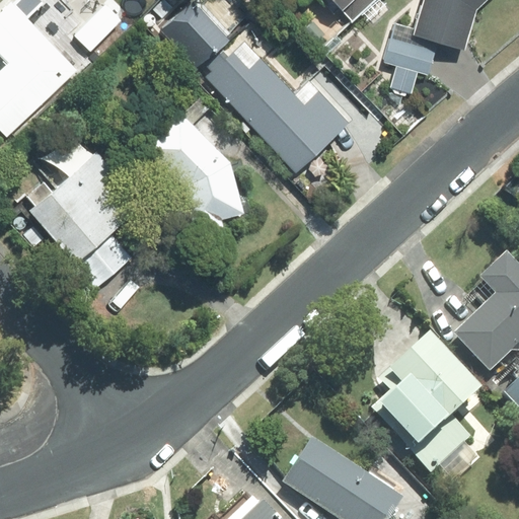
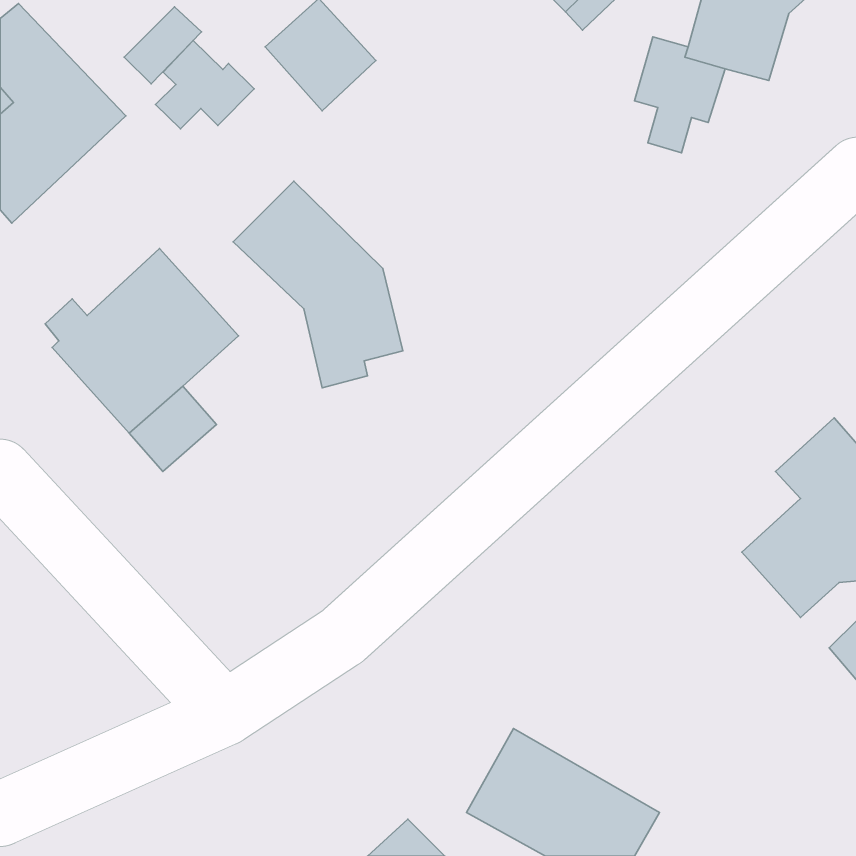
building: none -> [156,40,254,129]
building: [206,42,350,171] -> none
building: [369,330,475,471] -> none

